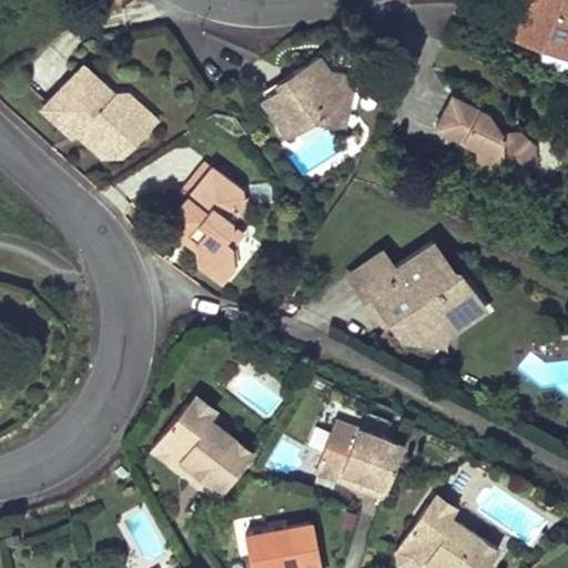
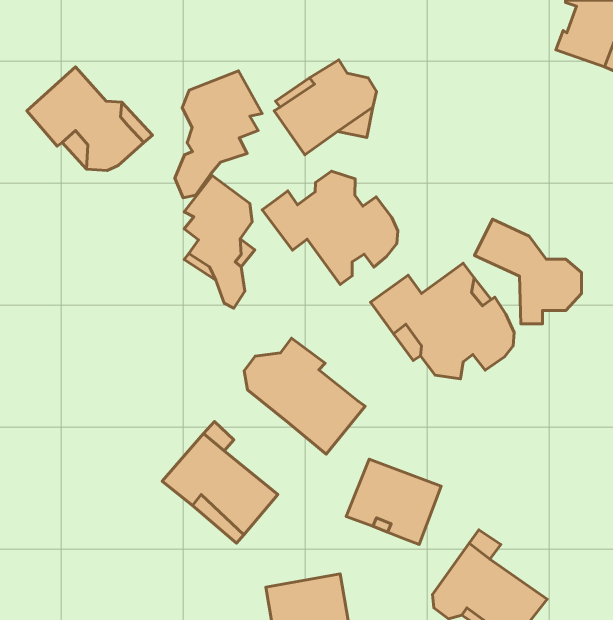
building: none -> [175,71,262,198]
building: [437,102,535,197] -> [474,219,582,324]
building: none -> [262,171,398,285]
building: none -> [244,338,365,454]

